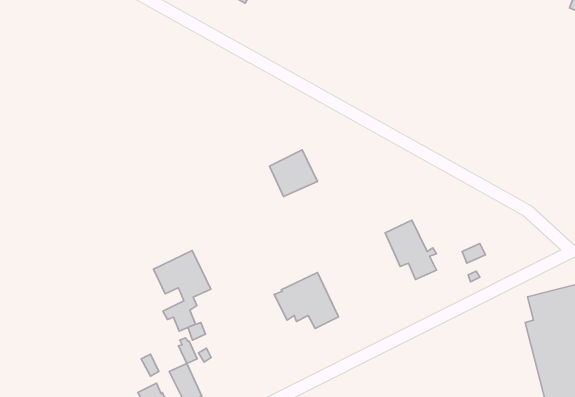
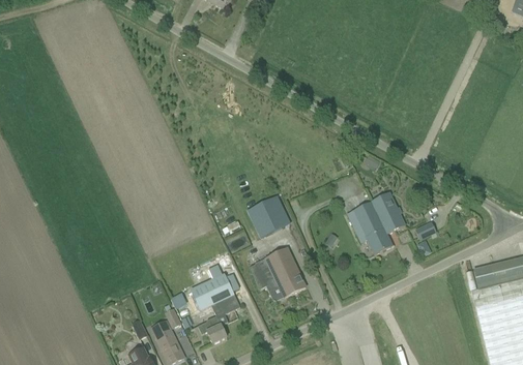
building: [270,150,317,197] -> [248,195,290,237]
building: none -> [371,191,405,231]
building: [154,251,211,331] -> [190,272,240,343]

